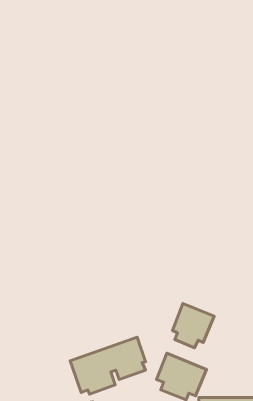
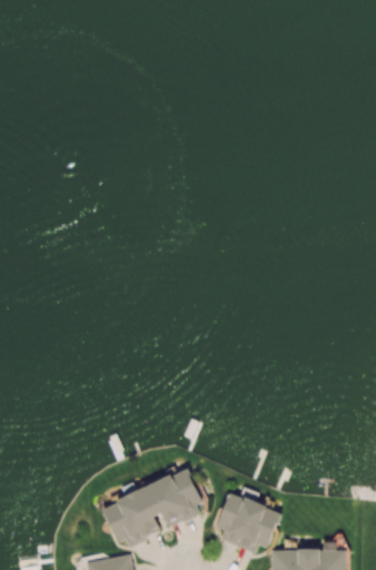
building: [172,304,214,348] -> none

